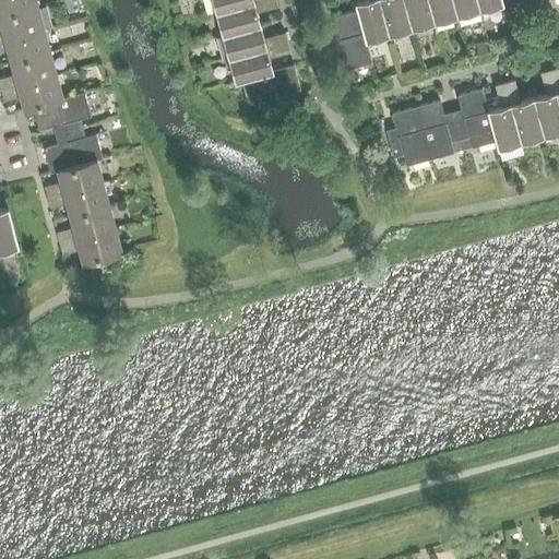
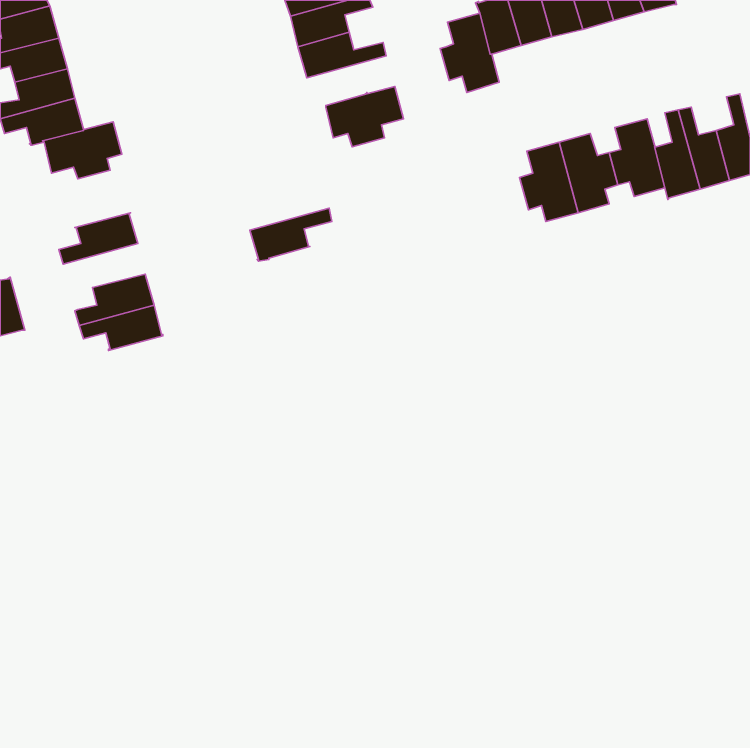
building: [228,43,289,82] -> [250,208,332,261]
building: [44,128,103,173] -> none
building: [47,182,108,215] -> none

